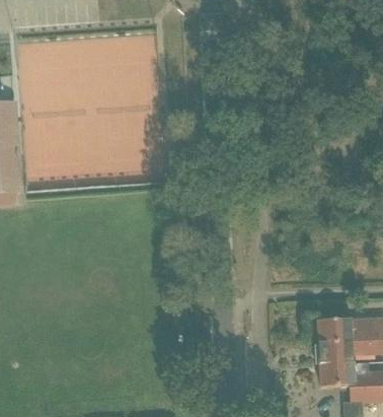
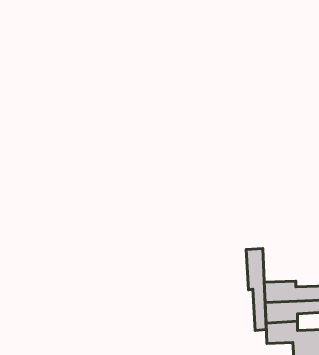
building: none -> [246,249,266,331]

